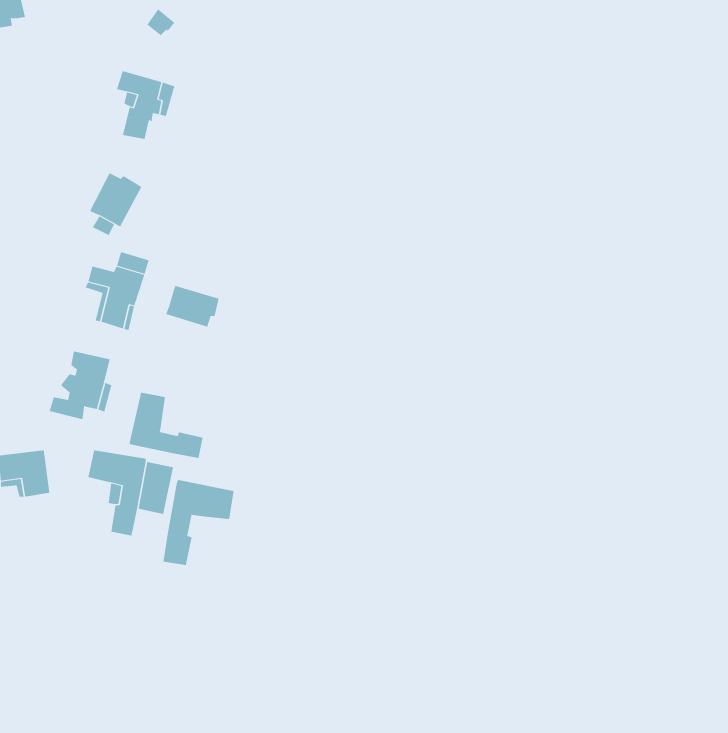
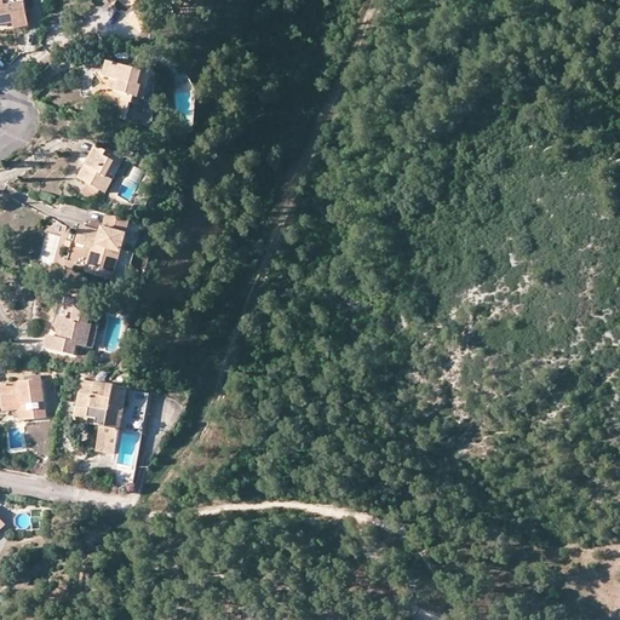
building: [165,285,219,328] -> none
building: [129,392,203,459] -> none
building: [163,479,234,566] -> none

